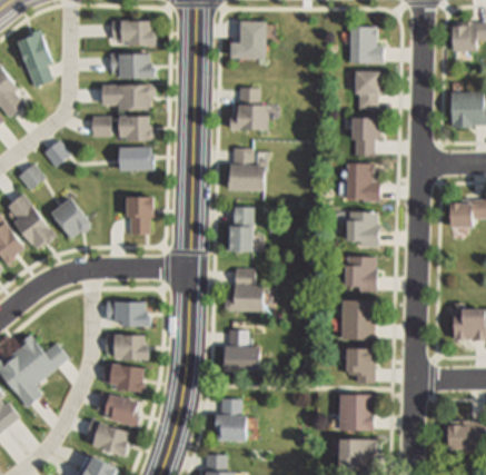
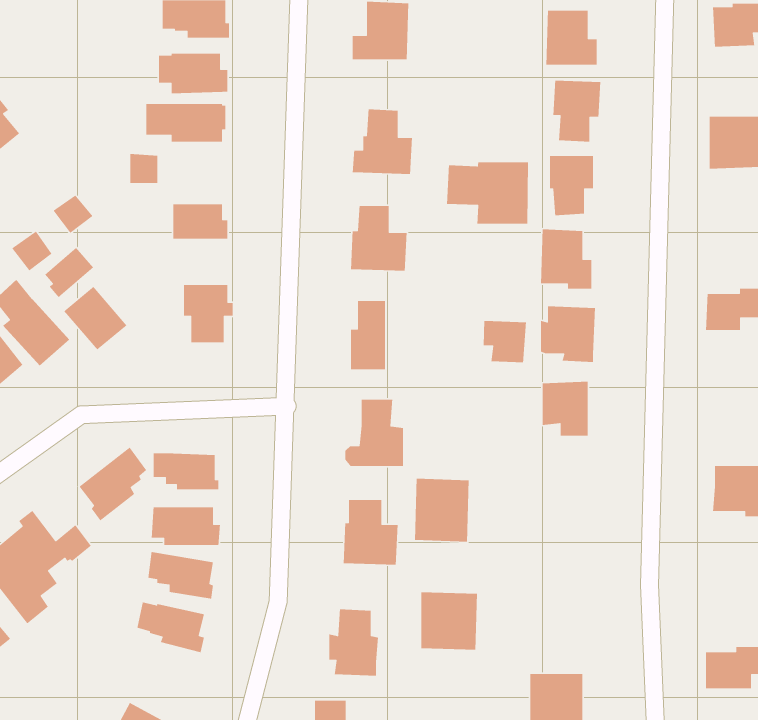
building: [17,29,51,86] -> none
building: [117,116,152,139] -> none
building: none -> [446,162,529,225]
building: none -> [44,247,94,298]
building: none -> [483,320,527,363]
building: none -> [79,446,147,522]
building: [341,299,376,339] -> [414,478,470,542]
building: [345,347,376,383] -> none
building: [339,394,375,431] -> [420,591,478,650]
building: [85,419,128,456] -> none

